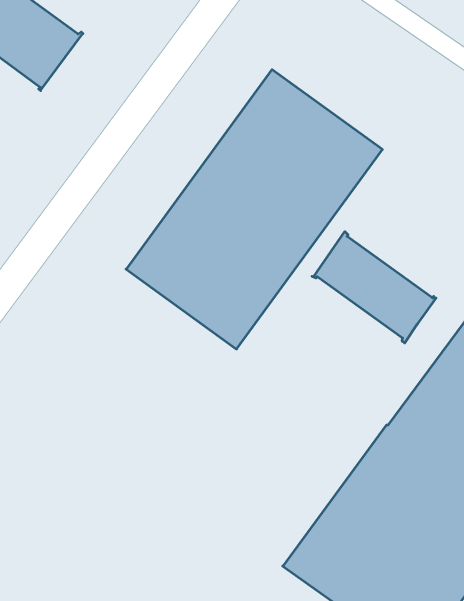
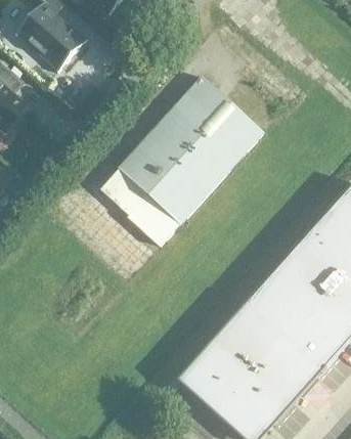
building: [312,232,436,343] -> none

